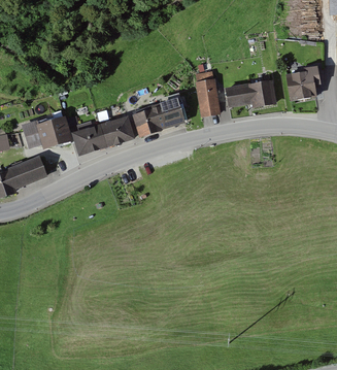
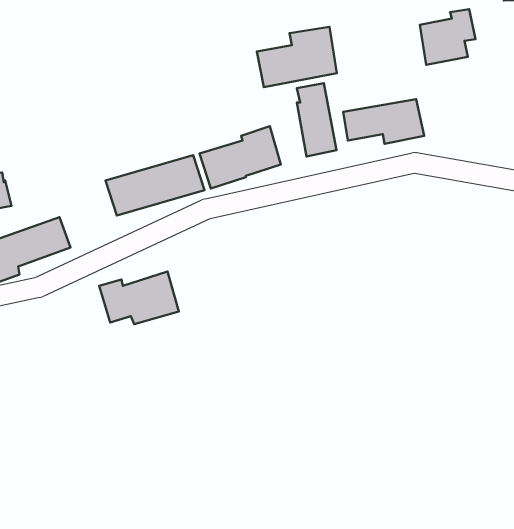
building: none -> [257,27,337,87]
building: [285,65,322,101] -> [420,9,476,65]
building: [21,114,72,148] -> [99,272,179,324]

